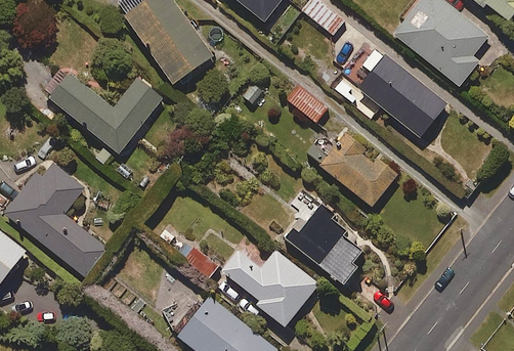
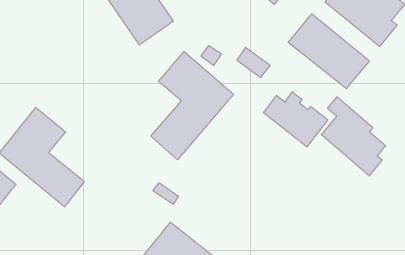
building: [39,65,162,153] -> none
building: none -> [151,51,234,160]
building: [285,192,361,287] -> [321,97,386,176]
building: [221,248,317,326] -> none

